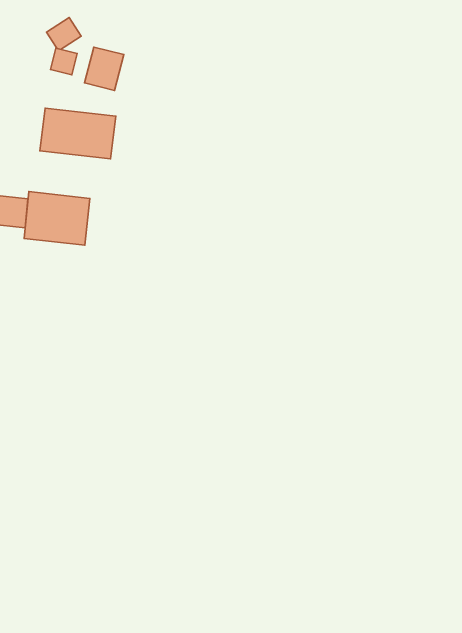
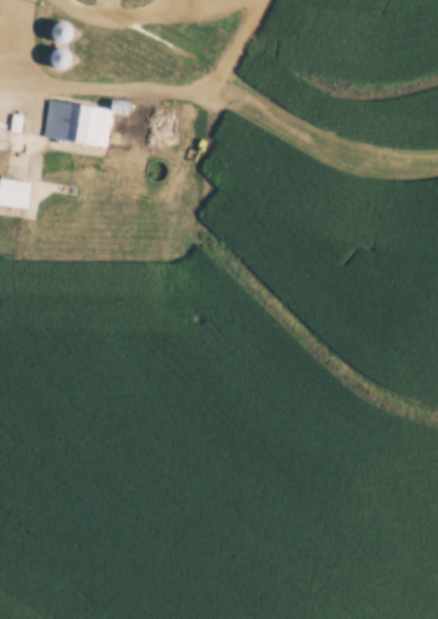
building: [84,47,124,90] -> none
building: [24,191,90,245] -> none

